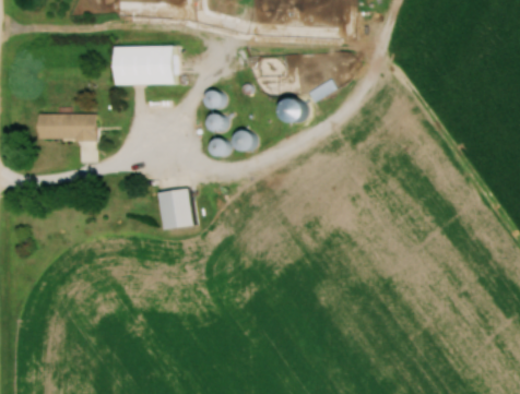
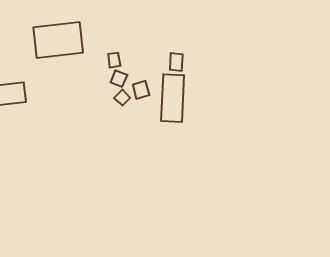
building: none -> [161,74,184,122]
building: [159,189,192,229] -> none

